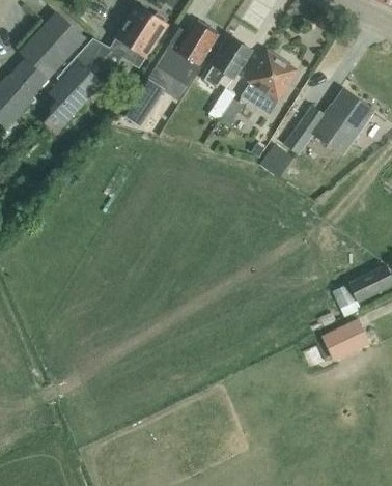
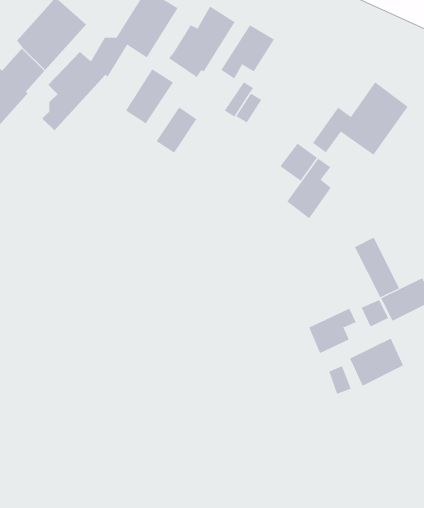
building: [243,52,297,108] -> none
building: none -> [156,107,197,154]
building: none -> [287,158,332,219]
building: none -> [354,237,400,298]
building: none -> [308,308,357,354]

